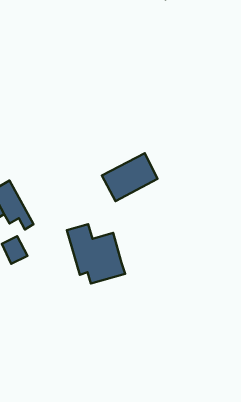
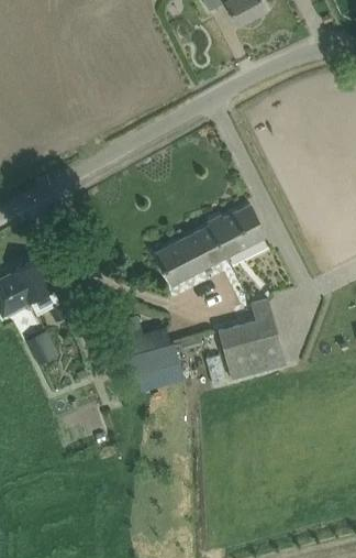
building: none -> [211,204,268,256]
building: none -> [219,297,287,379]

